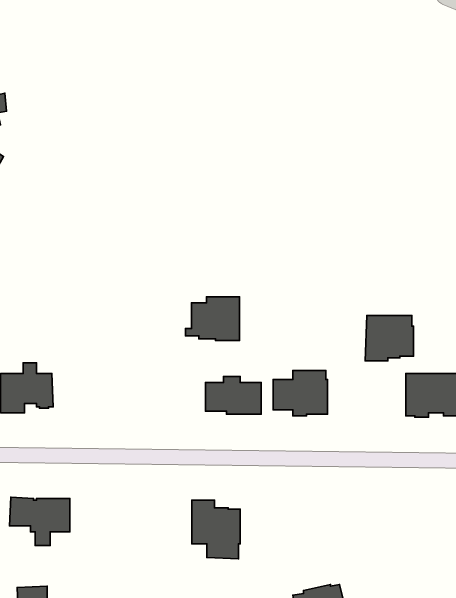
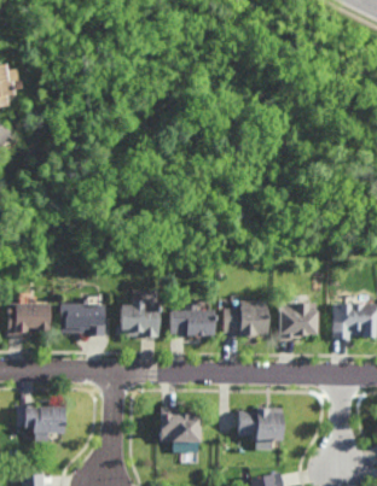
building: [185,297,240,340] -> [117,301,161,336]
building: [365,315,414,361] -> [280,303,319,339]
building: none -> [60,299,106,336]
building: none -> [240,405,284,440]

